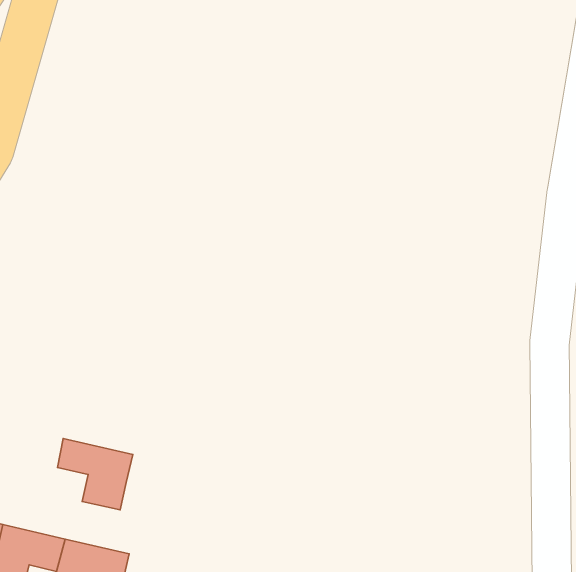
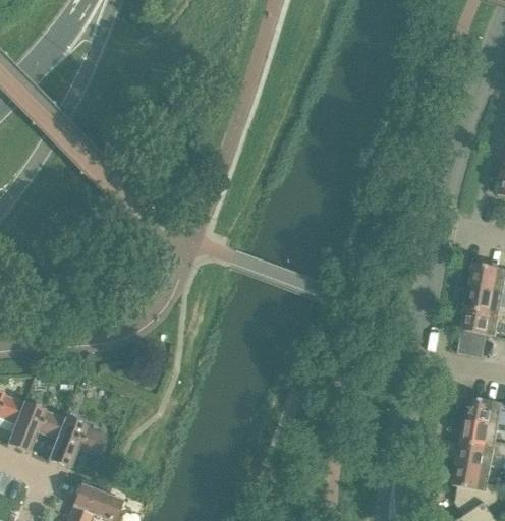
building: [58,438,133,510] -> none

